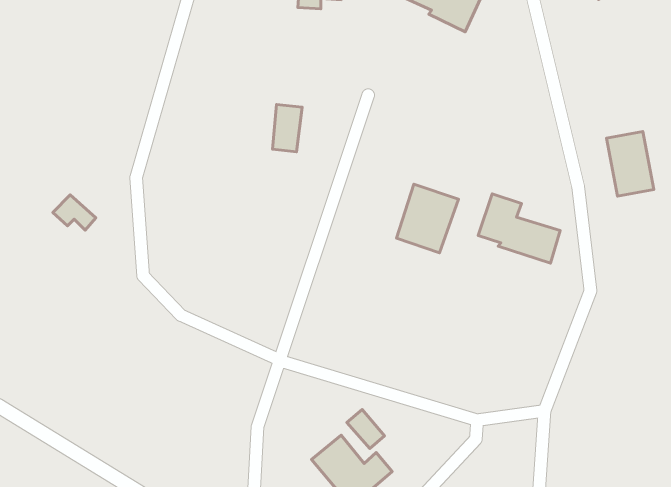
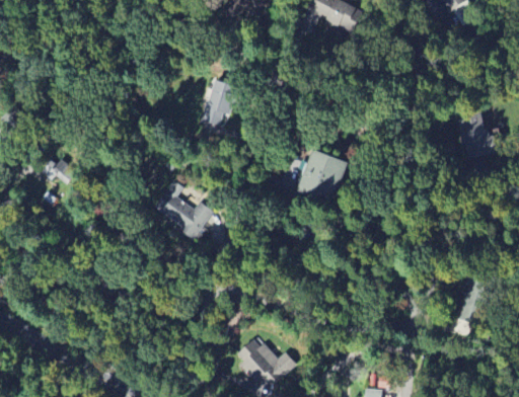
building: [478,194,560,263] -> none
building: none -> [155,179,214,237]
building: [347,409,384,448] -> none

